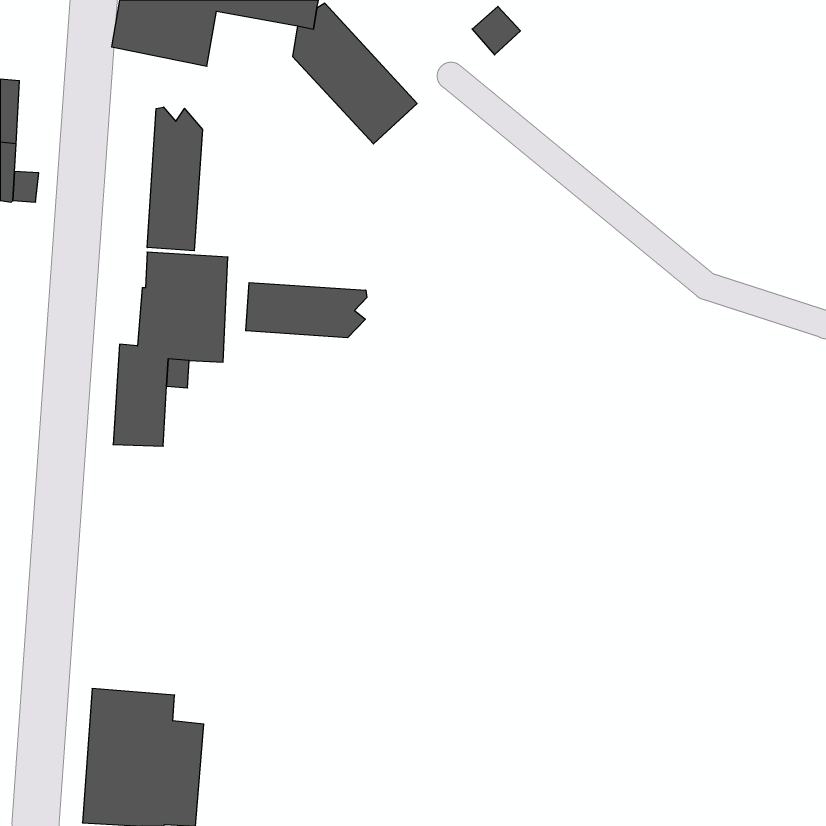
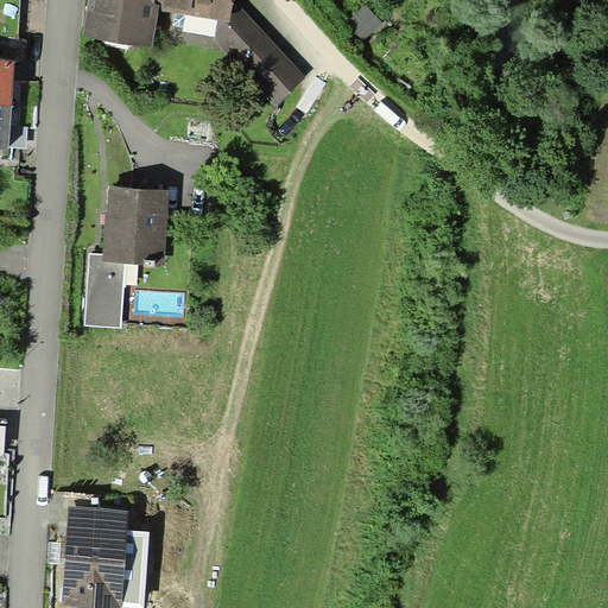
building: [147,107,202,251] -> none
building: [246,283,367,338] -> none

